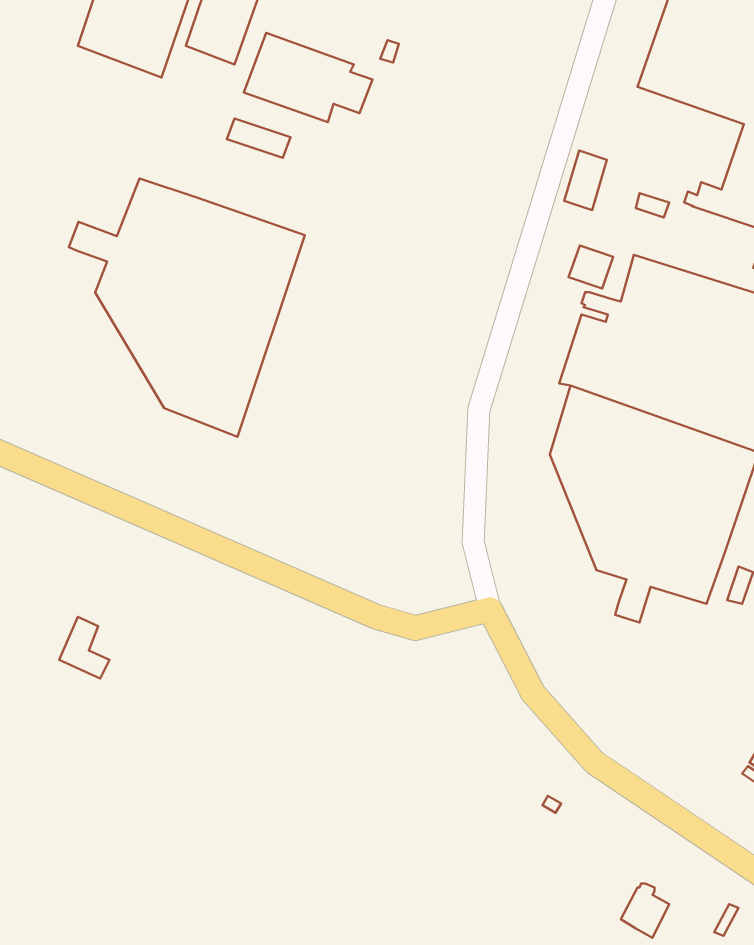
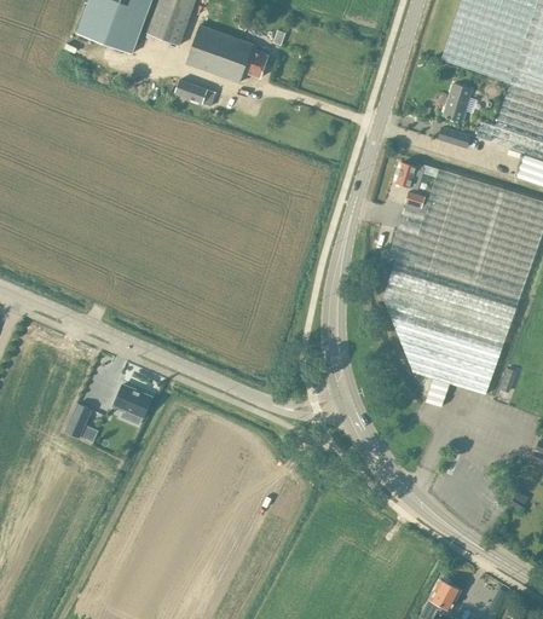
building: [564,150,607,210] -> [444,82,472,121]
building: [69,178,305,437] -> none
building: none -> [112,384,151,424]

